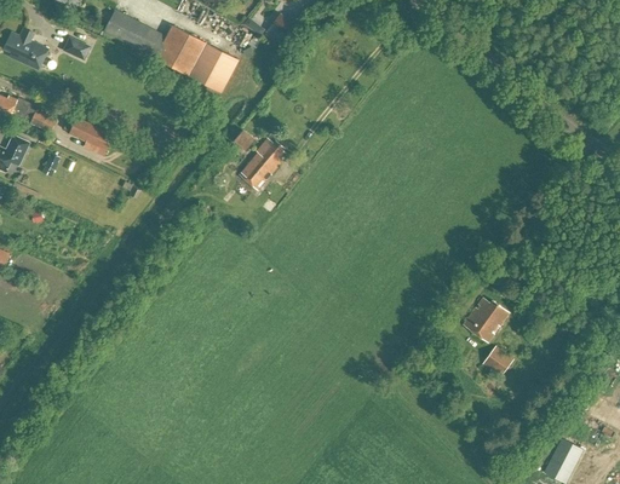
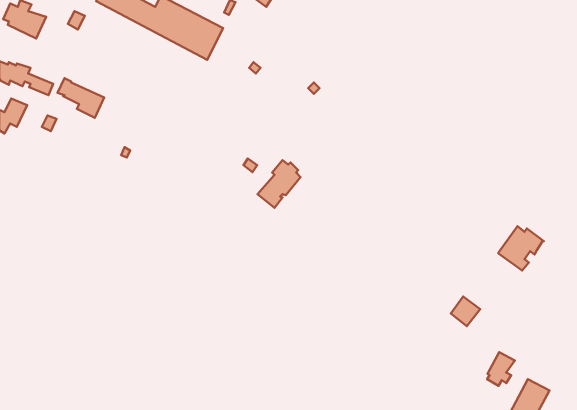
building: [240,138,286,189] -> [257,160,301,208]
building: [461,298,510,345] -> [498,226,544,270]
building: none -> [487,352,515,386]

